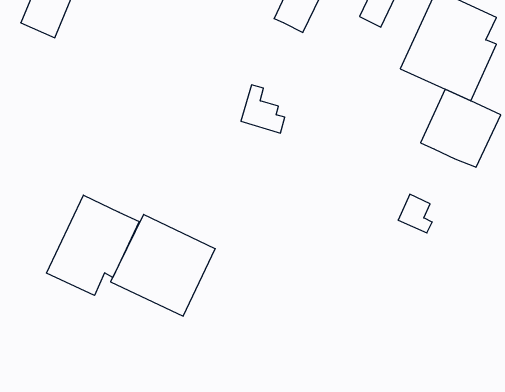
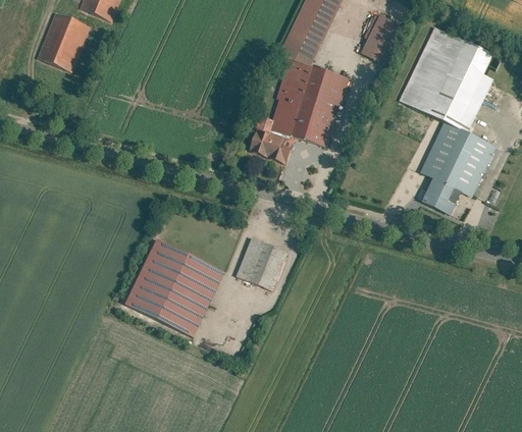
building: none -> [269,57,346,144]
building: [398,194,432,233] -> [421,177,454,214]
building: [47,195,139,295] -> none
building: none -> [237,237,286,289]

